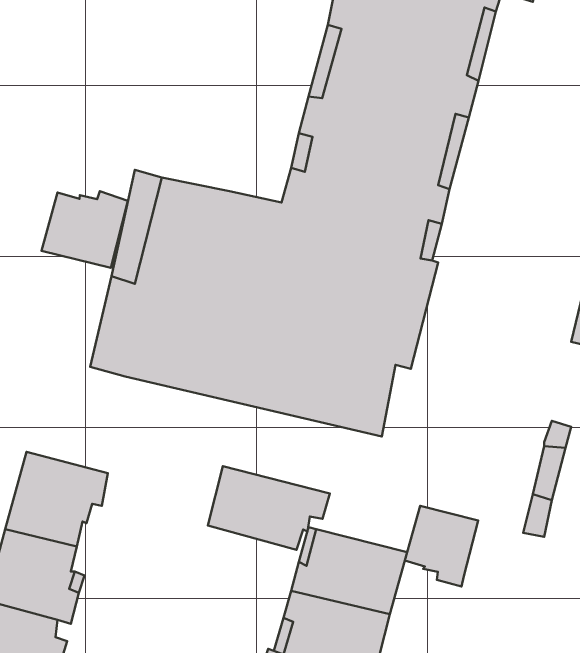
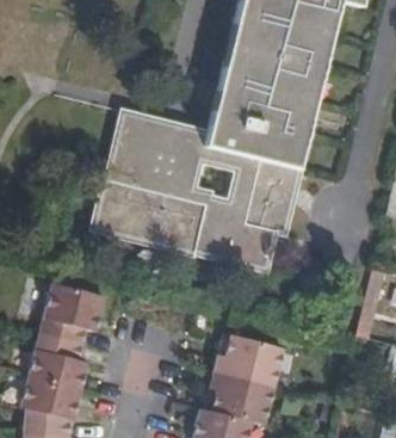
building: [42,191,128,268] -> none
building: [208,466,330,550] -> none
building: [405,506,478,587] -> none

